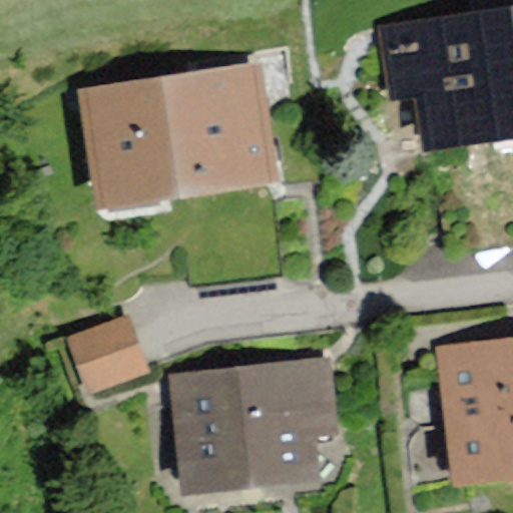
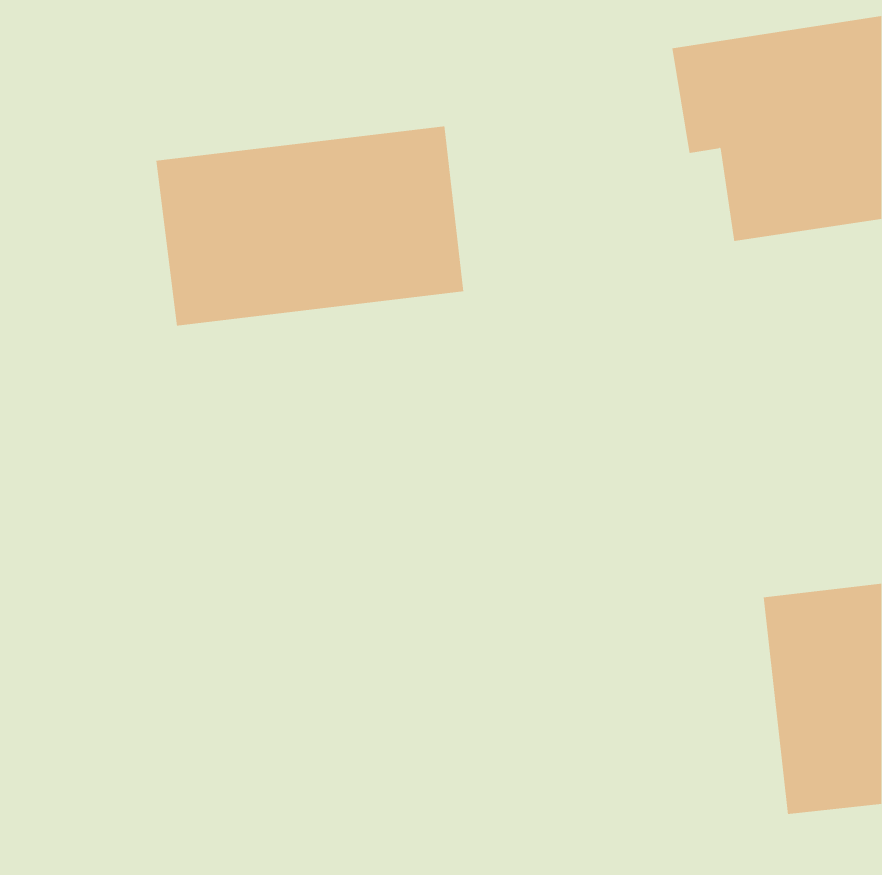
building: [71,316,145,387] -> none
building: [179,365,329,484] -> none

